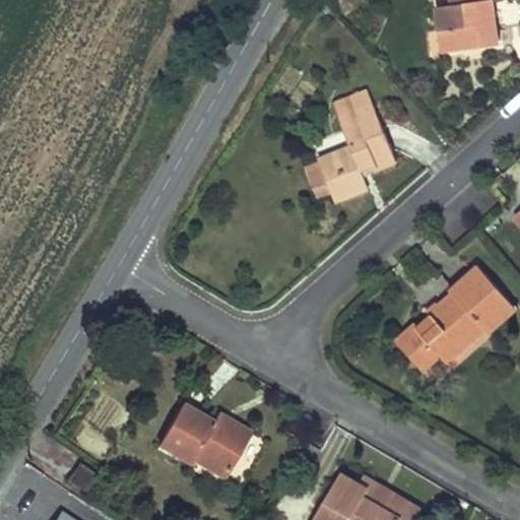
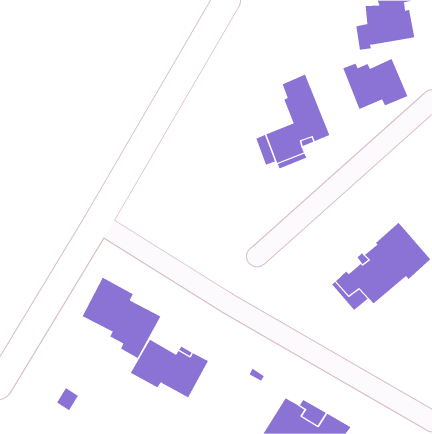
building: none -> [342,58,408,110]
building: none -> [82,277,161,359]

